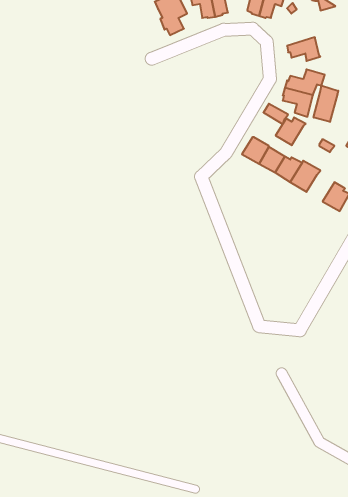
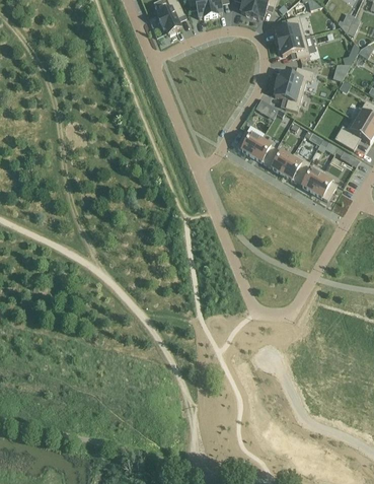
building: none -> [276,15,304,44]
building: [314,86,338,122] -> none
building: [276,117,306,145] -> [296,164,324,191]

